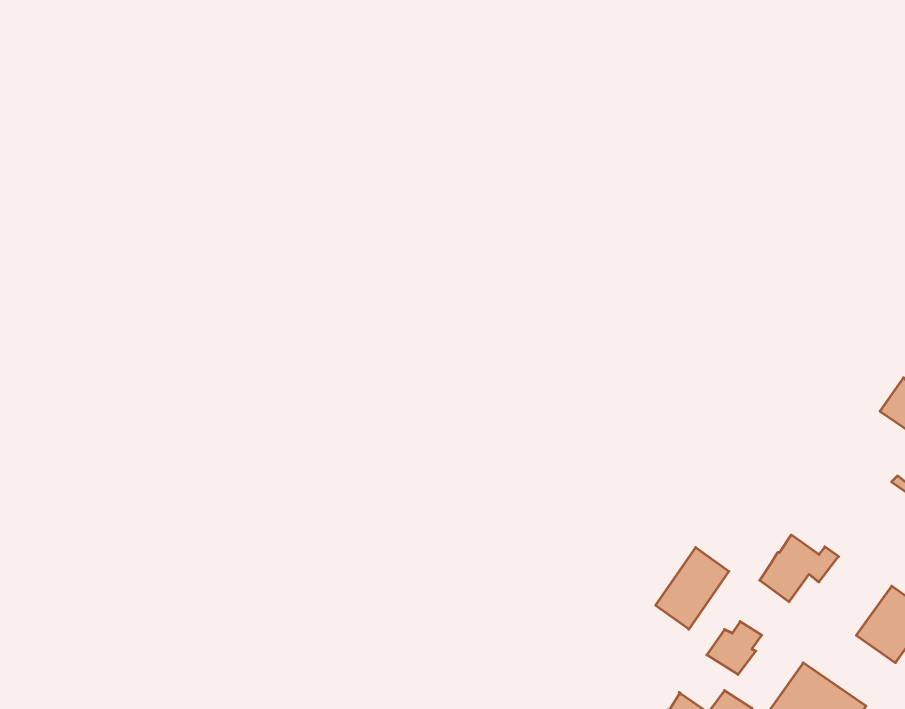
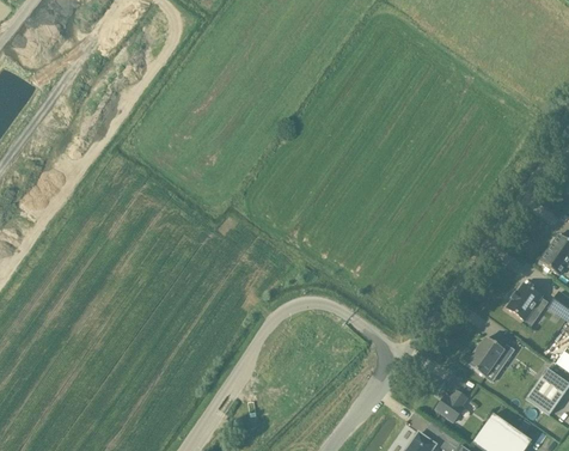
building: none -> [508,284,542,319]
building: [656,547,729,629] -> none

